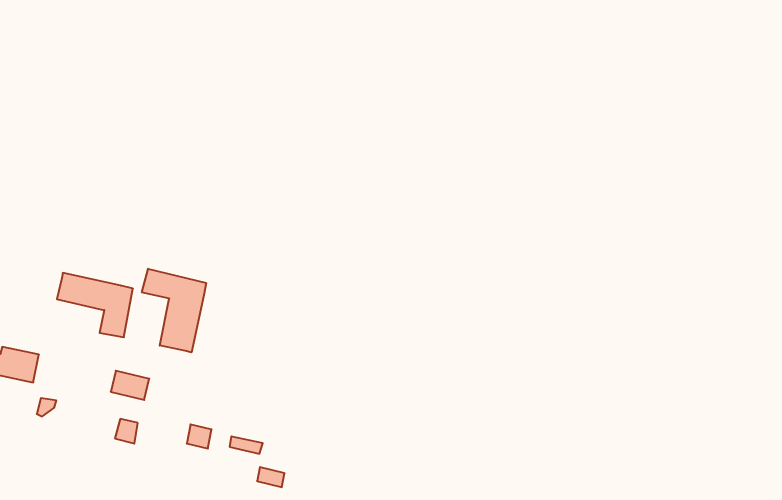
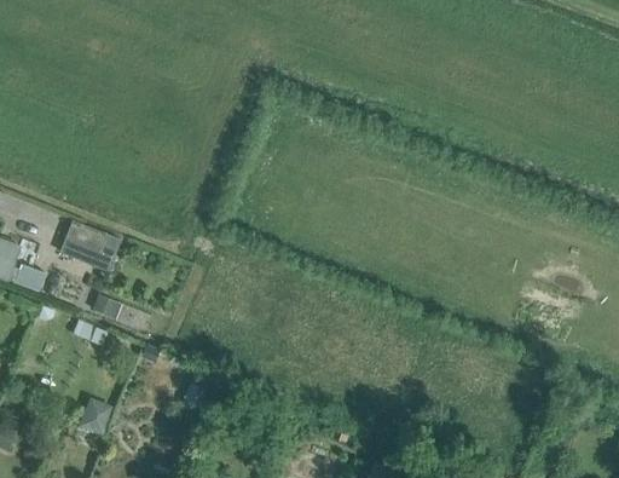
building: [142,269,206,352] -> none

